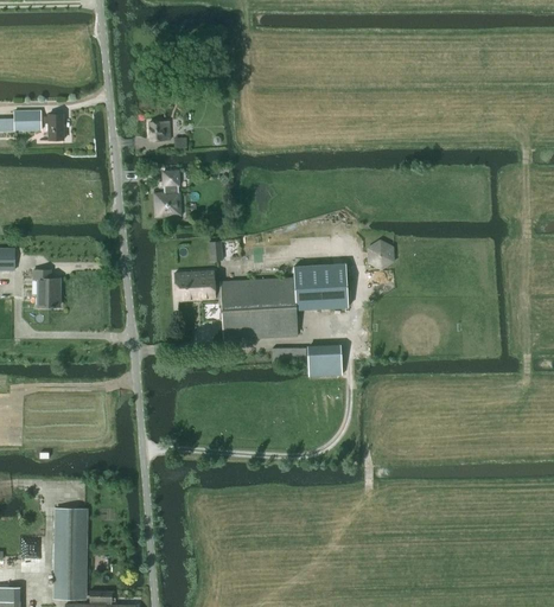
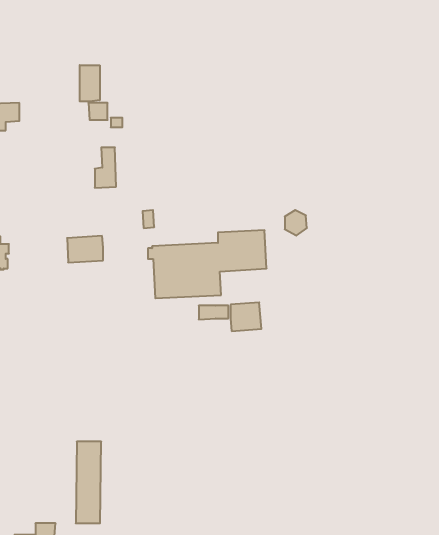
building: none -> [80,65,100,102]
building: [174,270,215,300] -> [67,236,103,262]
building: [56,507,84,599] -> [76,442,101,523]

